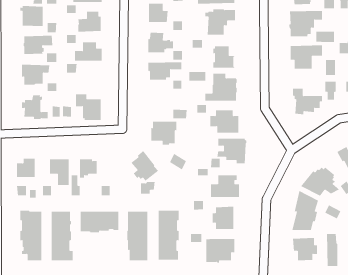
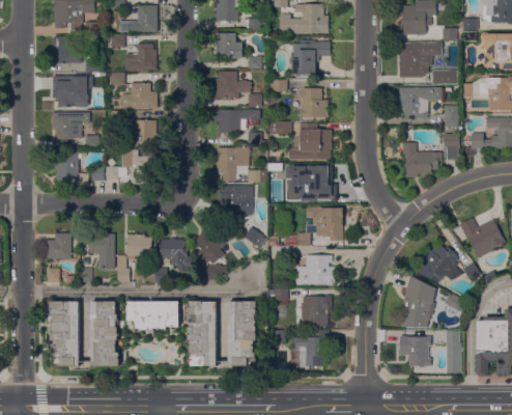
building: none -> [125,119,155,146]
building: none -> [216,148,249,182]
building: none -> [160,239,191,270]

